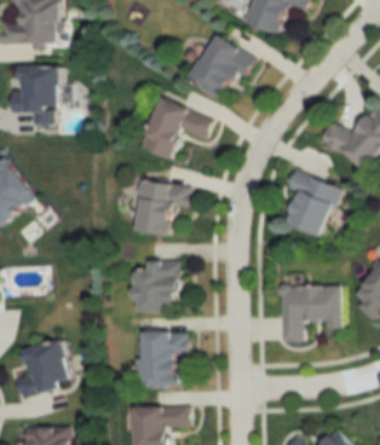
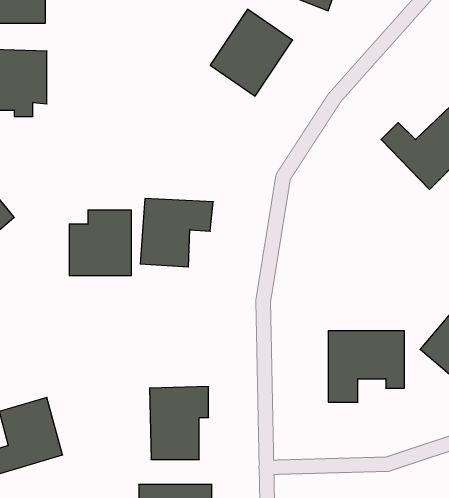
building: [139,97,212,160] -> none
building: [286,169,339,236] -> none
building: [132,259,180,310] -> [69,210,131,275]

